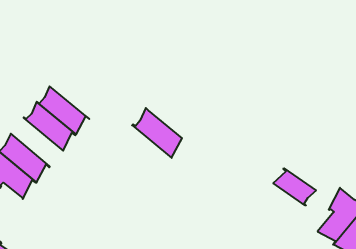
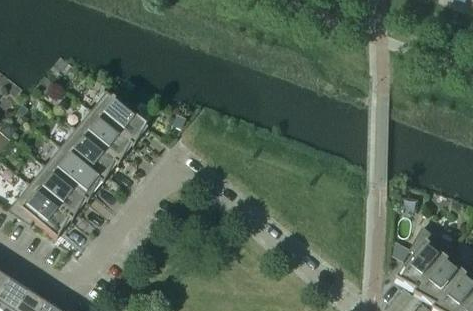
building: [132,108,182,158] -> [88,90,146,148]
building: none -> [43,147,104,203]
building: [273,168,316,205] -> none

